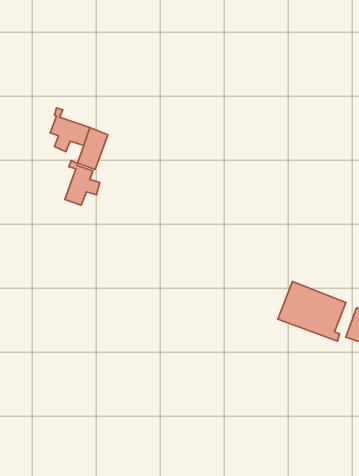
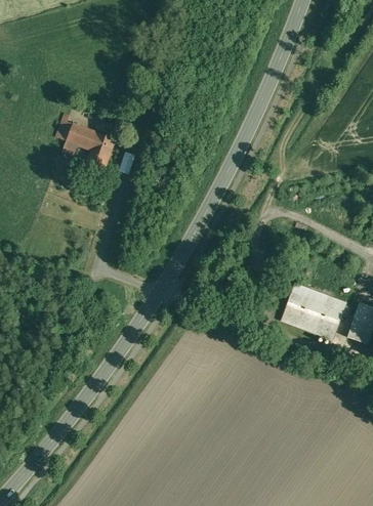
building: [65,161,100,205] -> none

